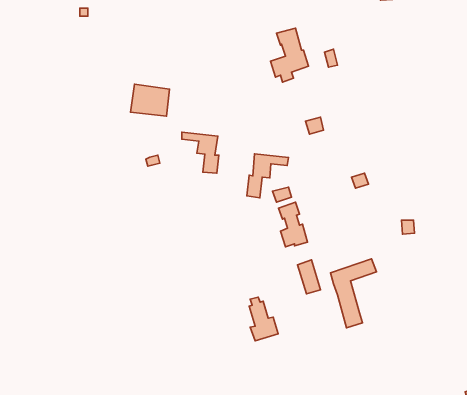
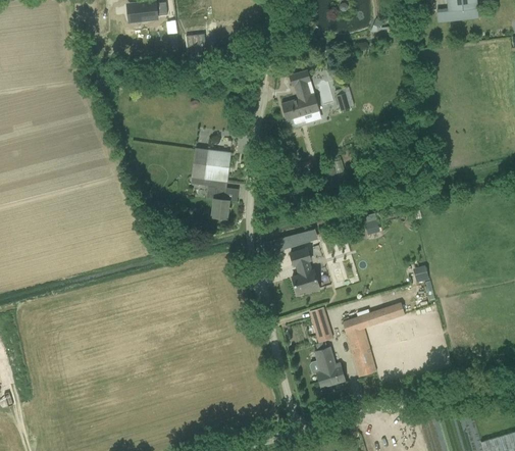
building: [130,84,169,116] -> [191,148,230,181]
building: [247,154,289,198] -> none
building: [249,297,278,341] -> [315,343,345,388]

